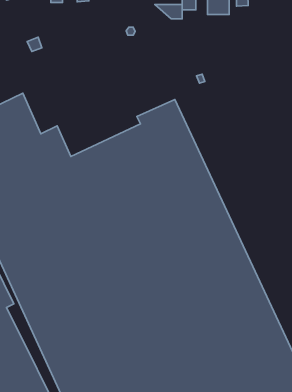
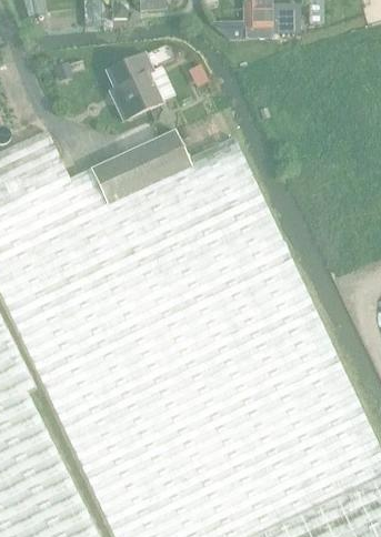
building: none -> [108,55,177,122]
building: none -> [90,132,192,210]

